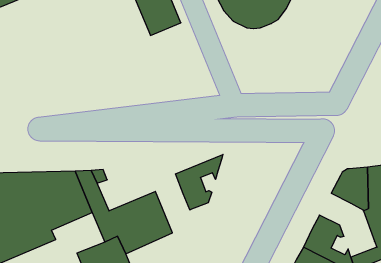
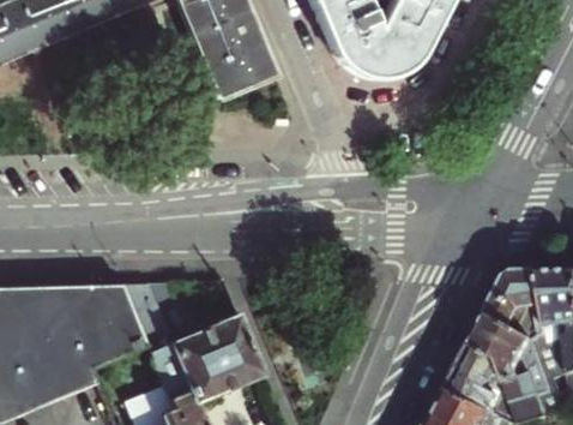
building: [175,154,223,210] -> none
building: none -> [474,315,555,406]

